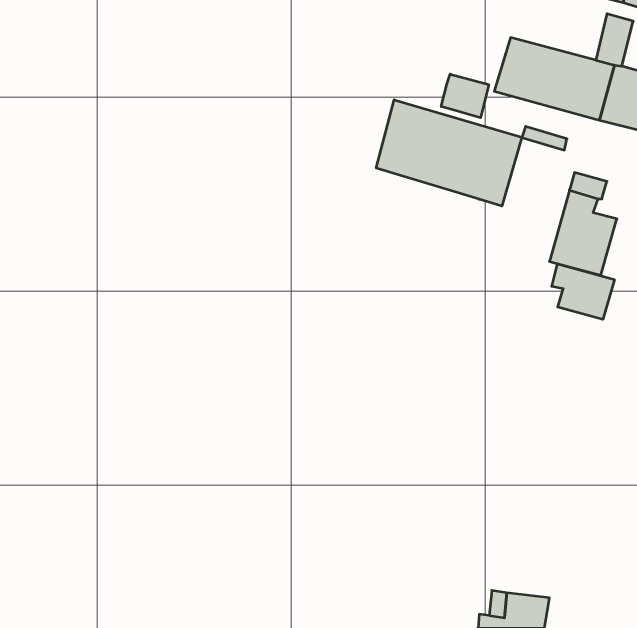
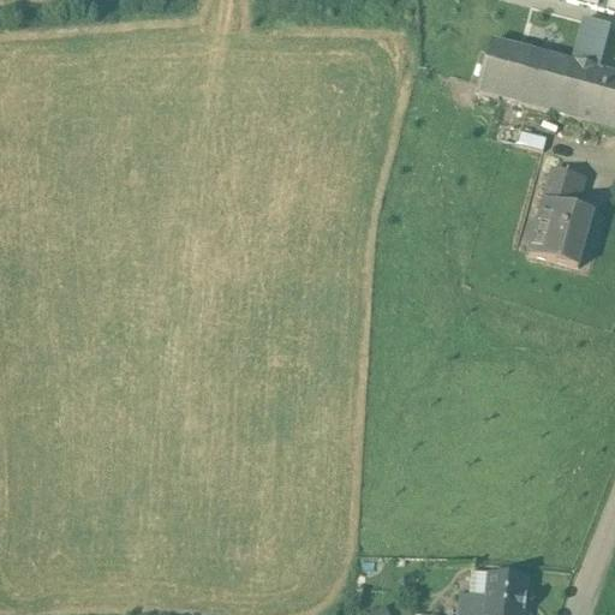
building: [441,74,489,118] -> none
building: [376,100,522,206] -> none
building: [552,264,614,319] -> none

